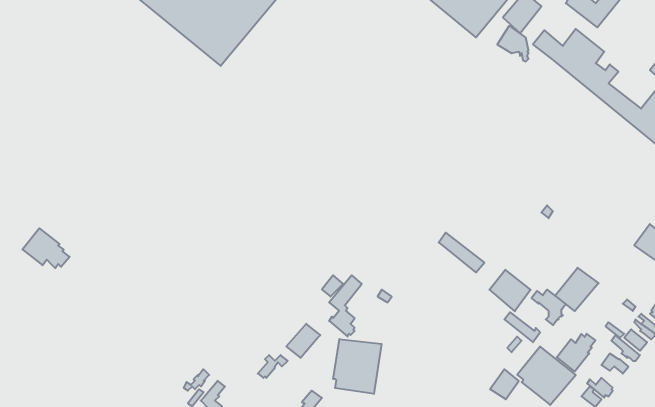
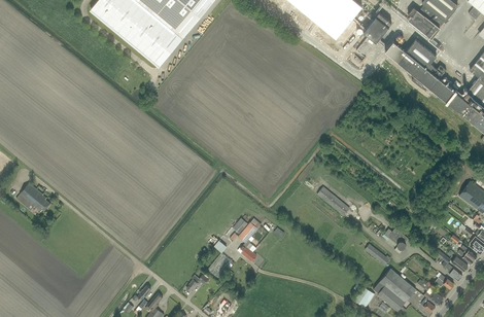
building: [555,268,599,311] -> none
building: [489,270,531,311] -> none
building: [557,334,595,371] -> none
building: [333,339,382,394] -> none

